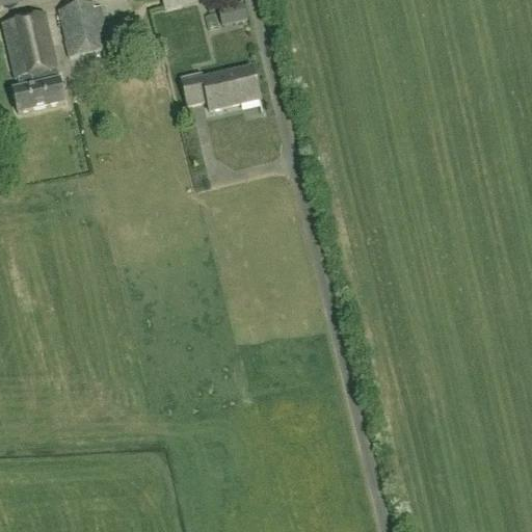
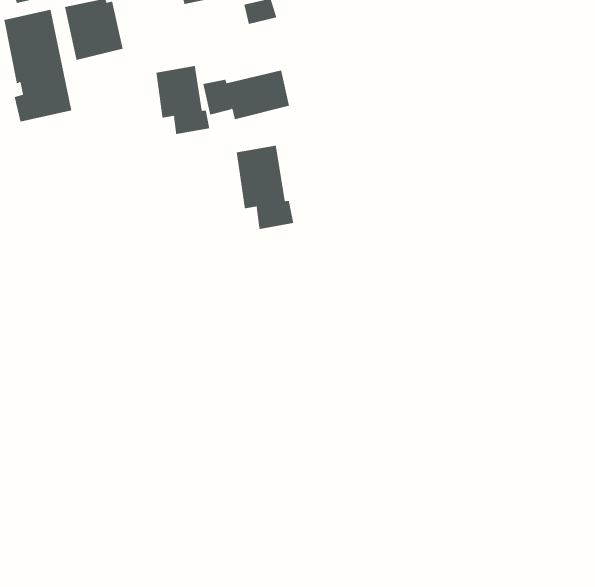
building: none -> [156,65,210,135]
building: none -> [236,145,294,230]

